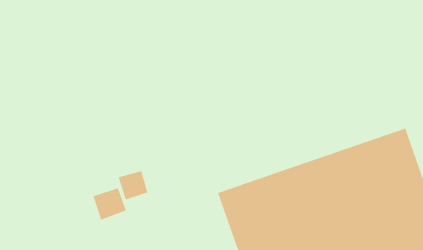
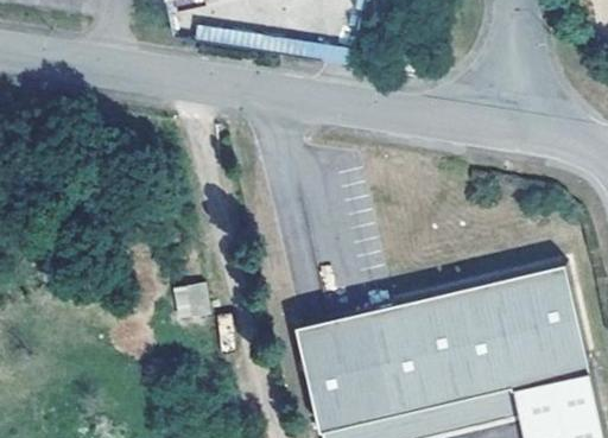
building: [93,188,127,221] -> none

